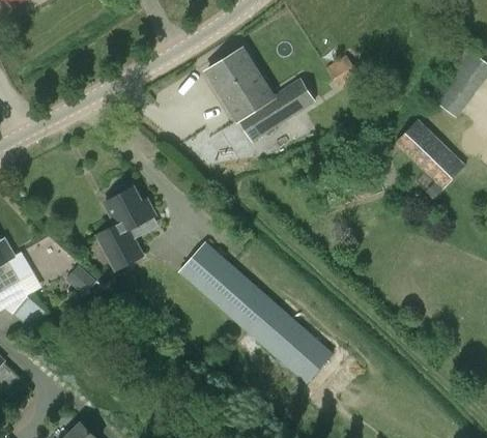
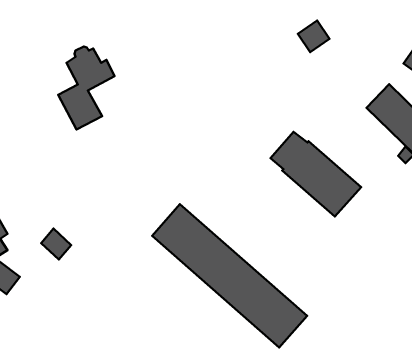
building: [206,49,314,142] -> none
building: none -> [271,132,361,217]
building: [93,186,150,270] -> [58,47,115,130]

